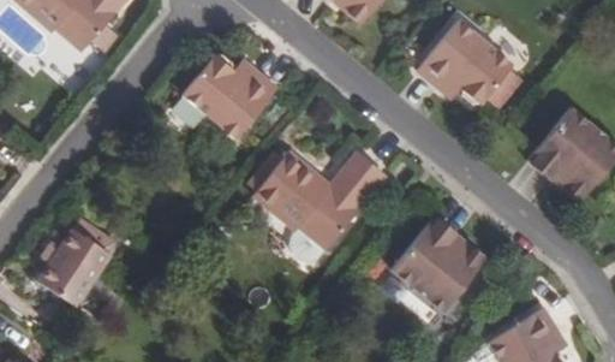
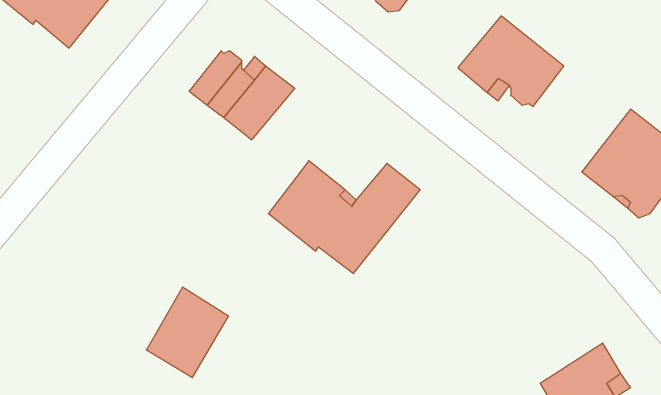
building: [388,215,483,311] -> none
building: [37,230,108,308] -> [146,287,229,378]

